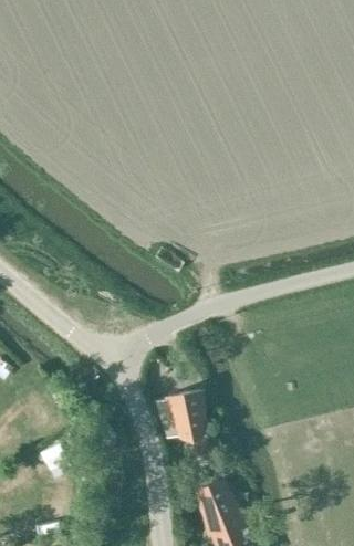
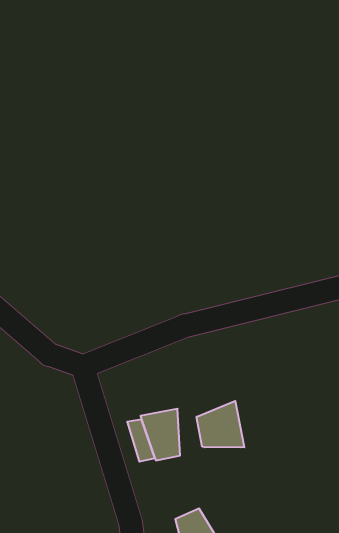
building: none -> [197,401,244,447]

